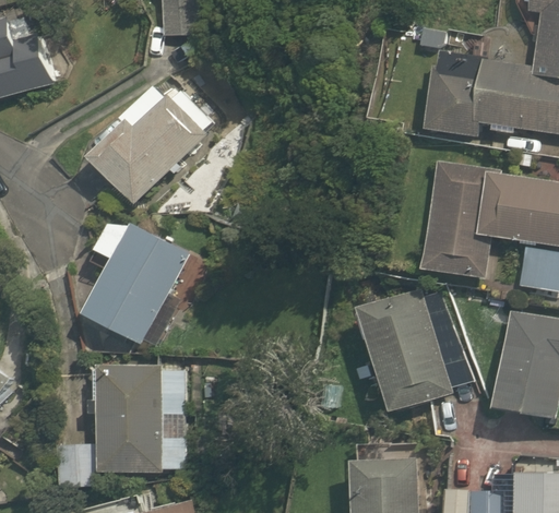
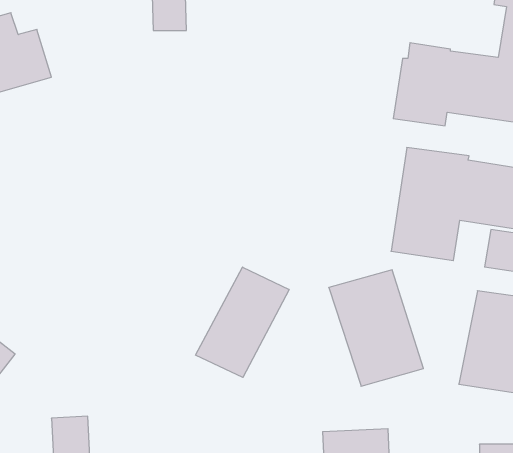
building: [98,88,216,206] -> none
building: [94,223,197,346] -> none
building: none -> [196,267,289,377]
building: [105,363,187,473] -> none

